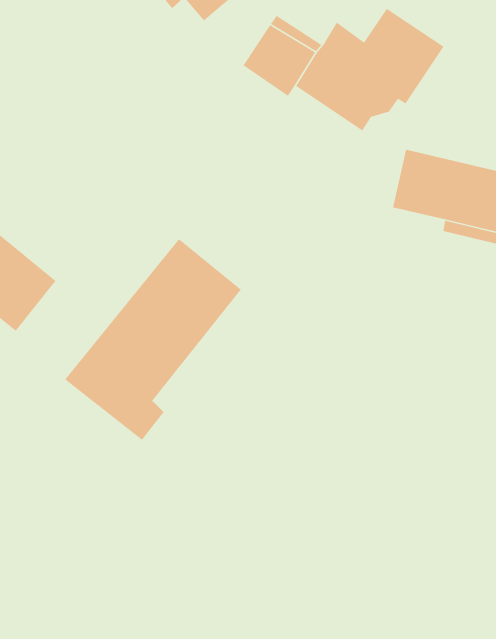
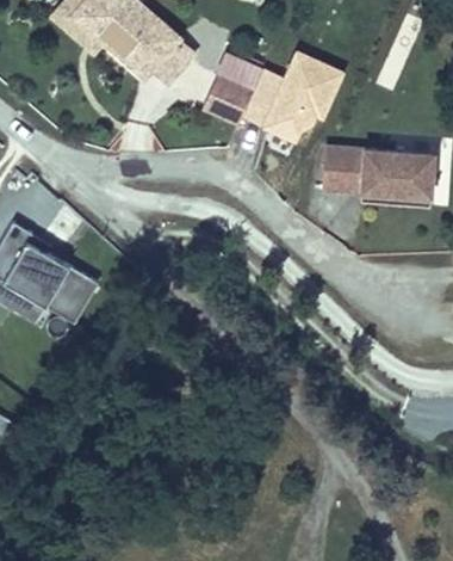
building: [64,238,242,441] -> none

